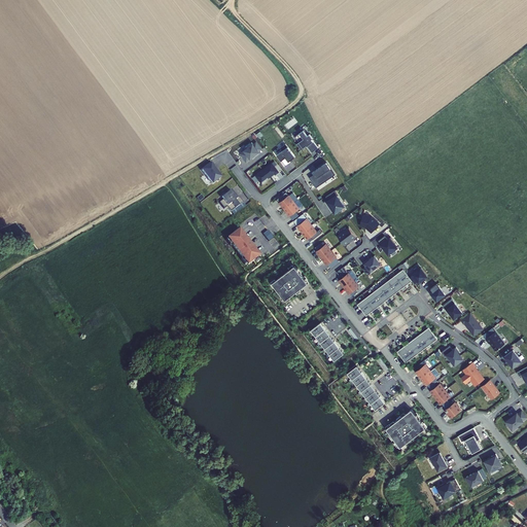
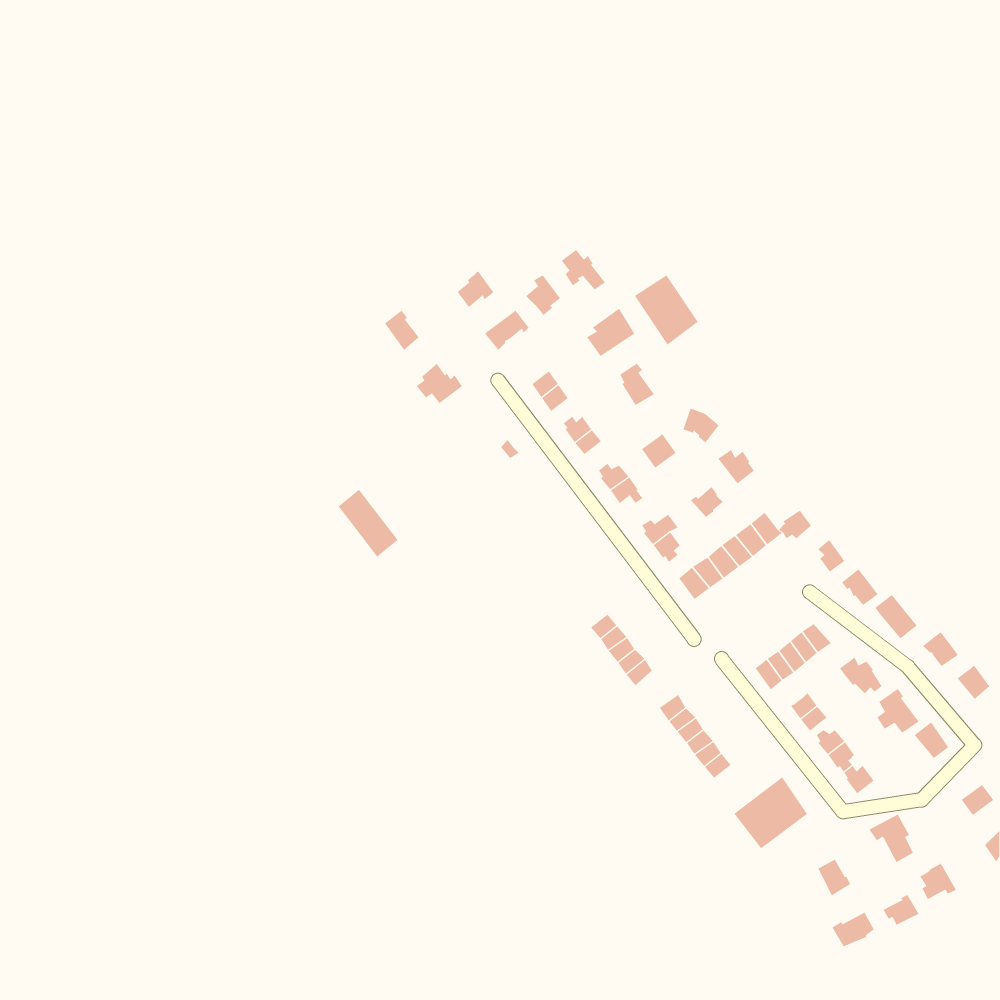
building: none -> [634,274,699,345]
building: [226,231,258,267] -> [338,489,398,557]
building: [271,266,308,301] -> none

